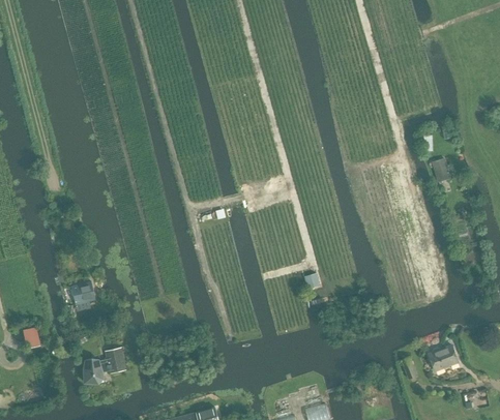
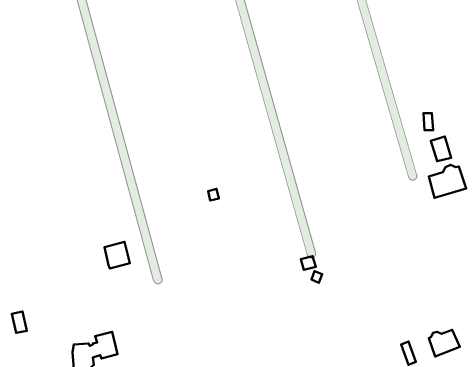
building: none -> [429,165,466,198]
building: [70,280,95,306] -> [104,242,130,268]

